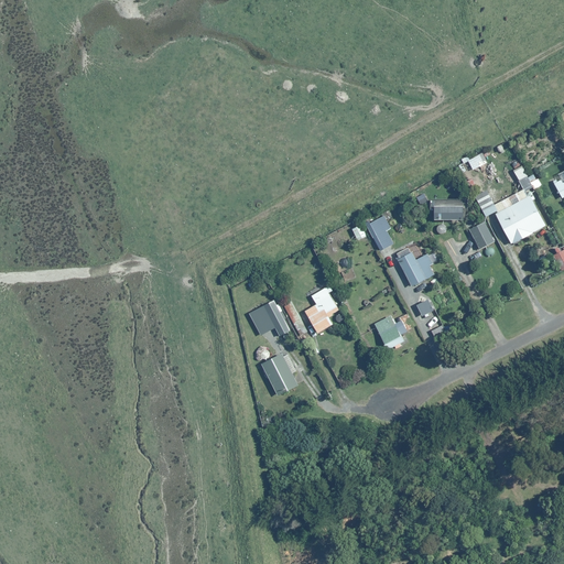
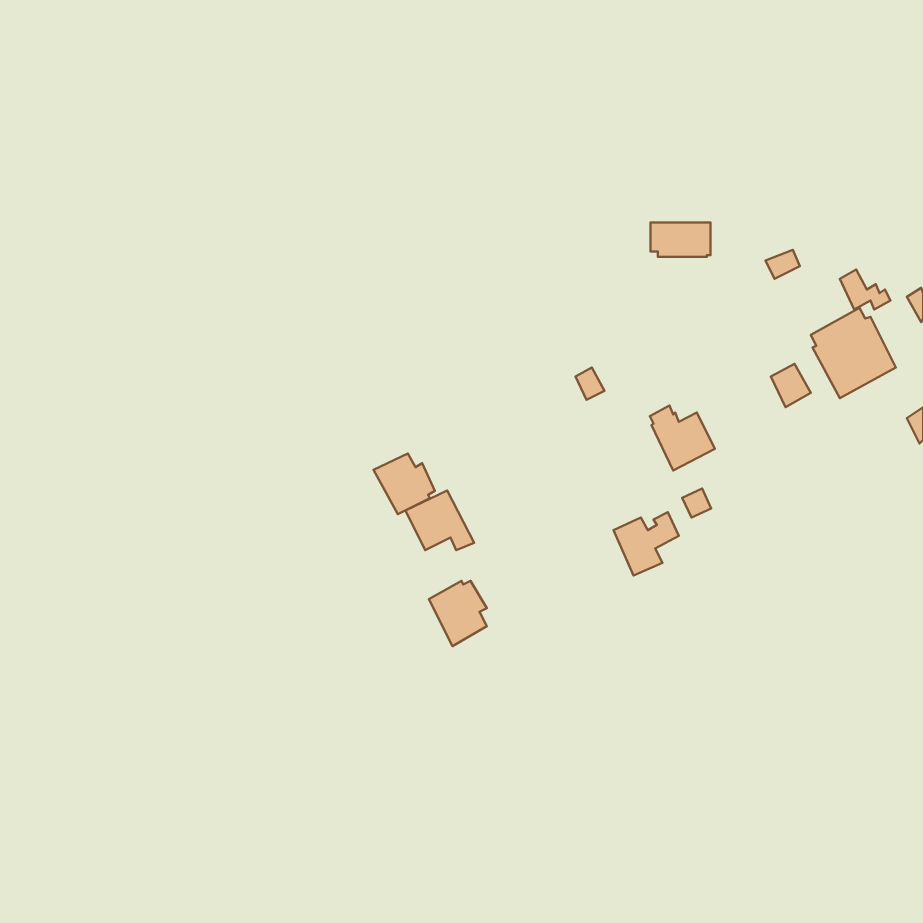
building: [429,198,465,219] -> [651,222,710,257]
building: [366,217,393,251] -> none
building: none -> [373,454,435,514]
building: [304,285,339,334] -> none

